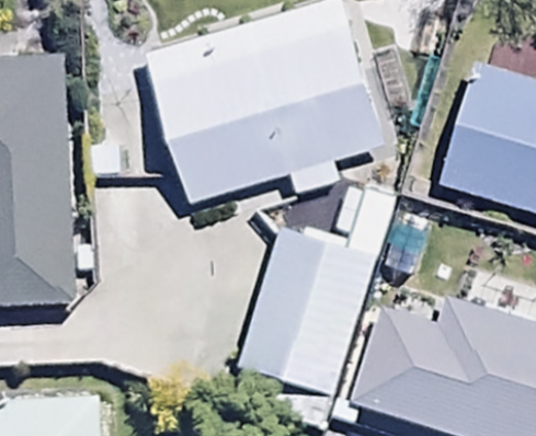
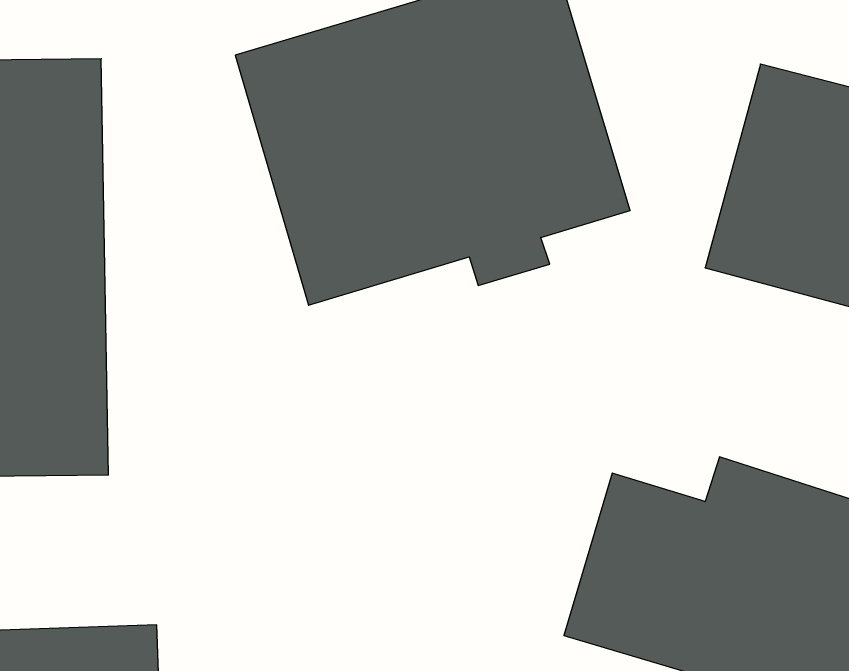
building: [237,223,375,393] -> none

